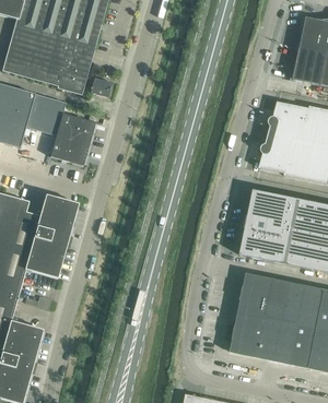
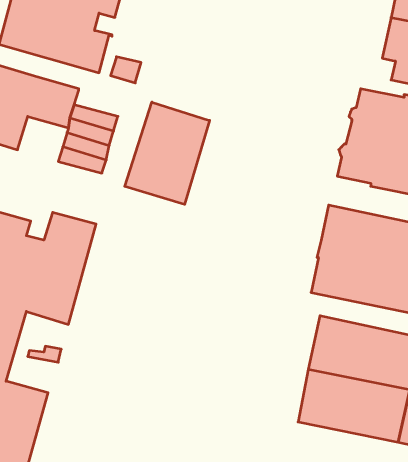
building: none -> [125,102,210,204]

